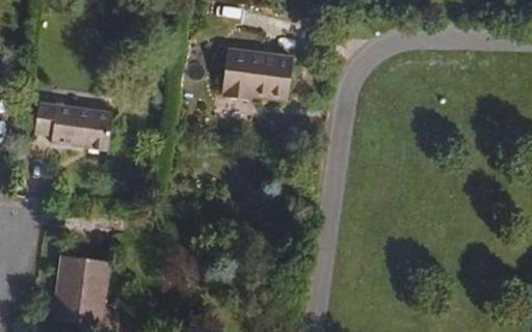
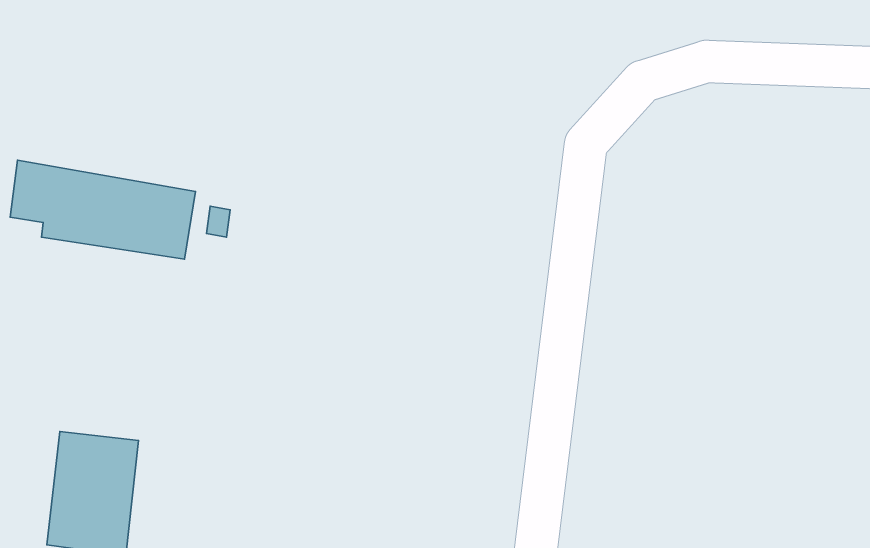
building: [217,50,291,102] -> none

